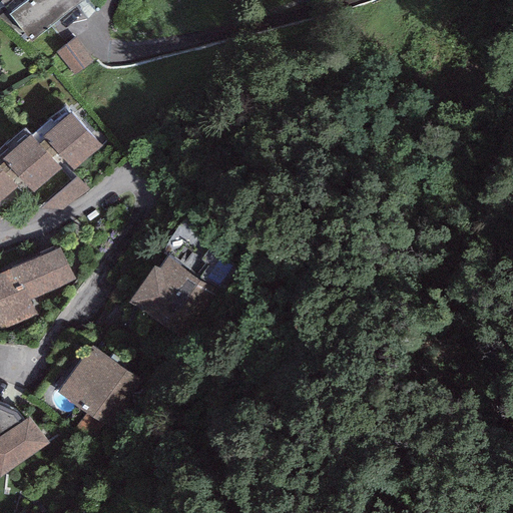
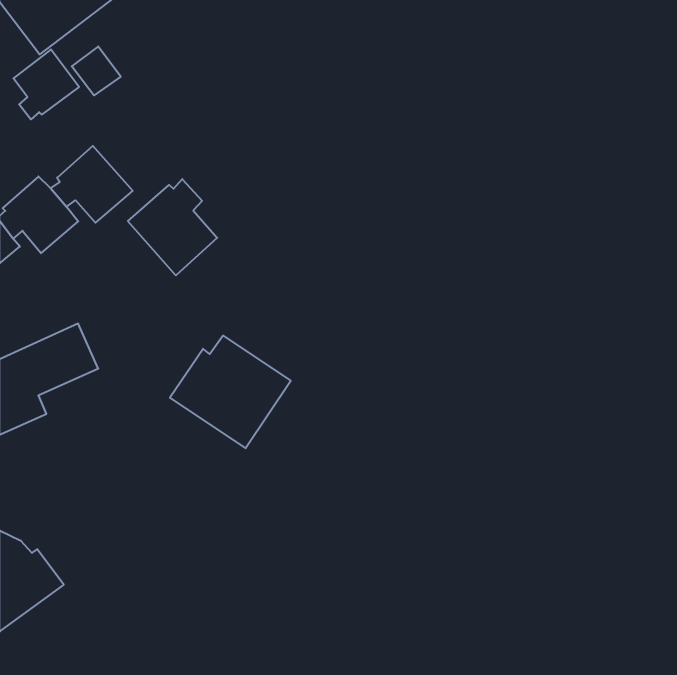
building: none -> [13,49,79,119]
building: none -> [128,179,217,275]
building: [56,344,140,432] -> none

